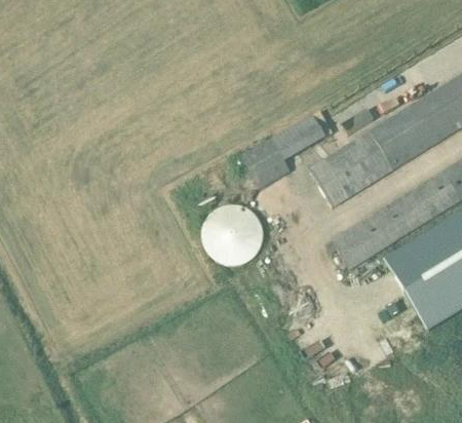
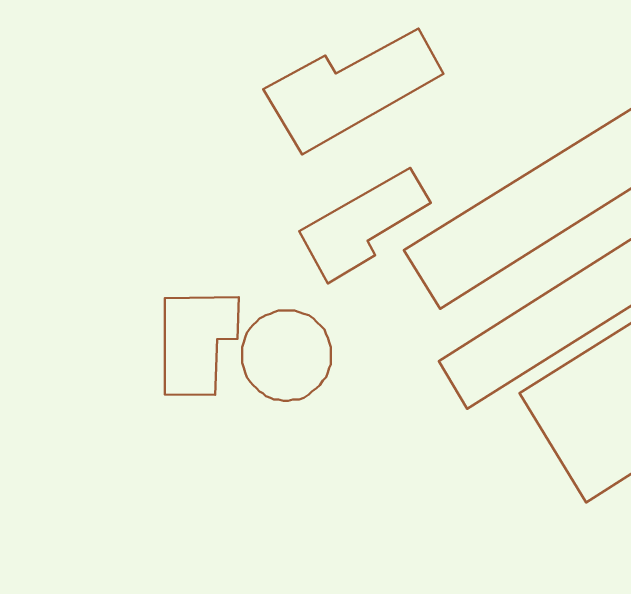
building: none -> [263,28,443,154]
building: none -> [165,297,239,395]

